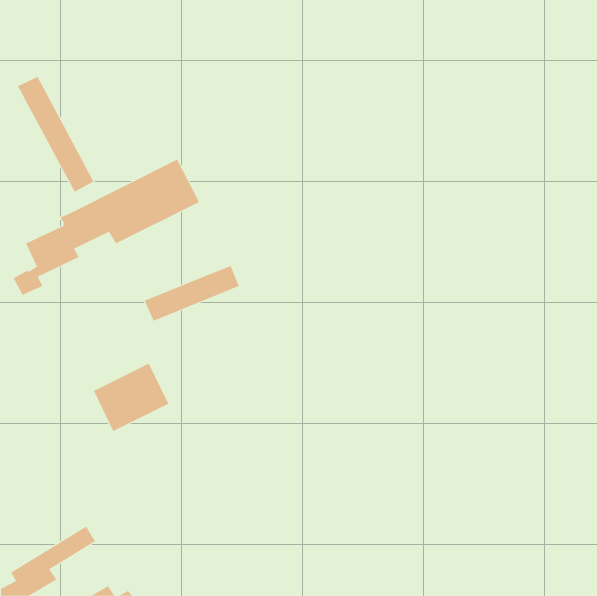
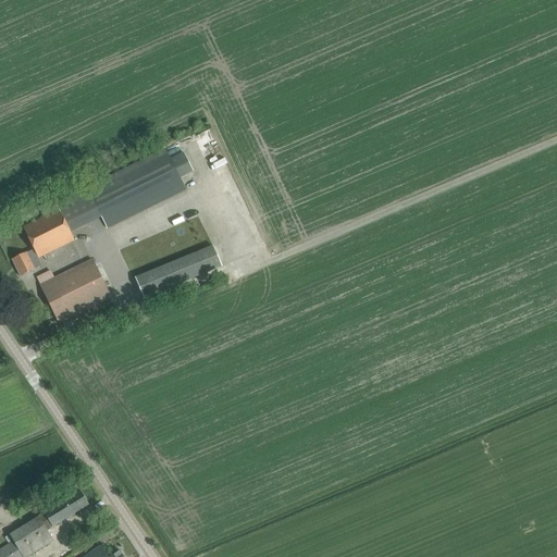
building: [17,76,94,193] -> none
building: [93,363,169,432] -> [40,259,111,323]

